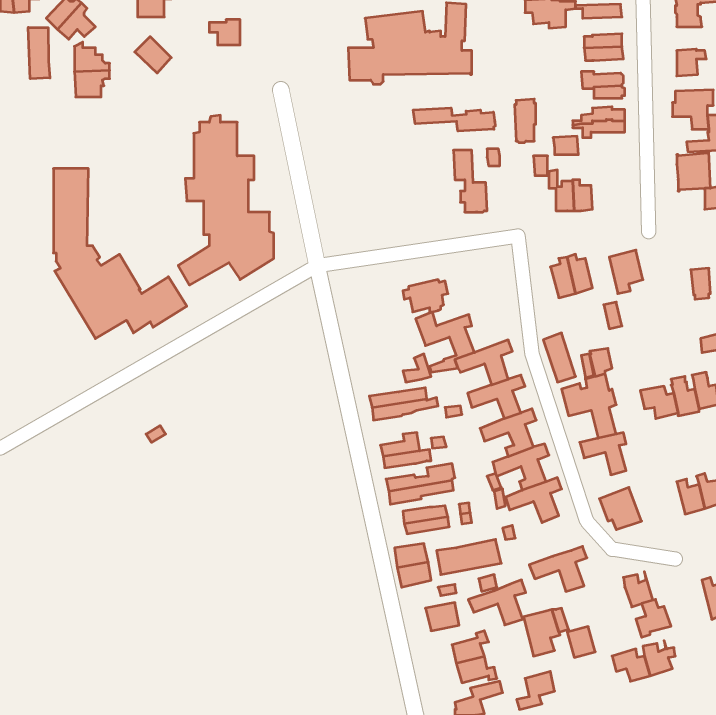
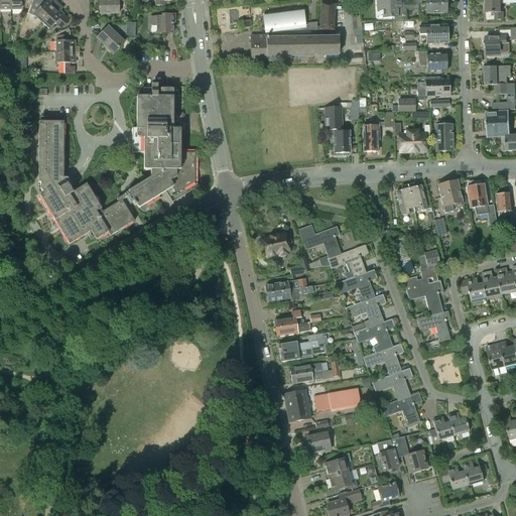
building: [28,27,50,79] -> none
building: [515,99,536,143] -> [364,121,379,152]
building: [413,108,495,131] -> none
building: none -> [435,122,454,150]
building: none -> [467,179,497,224]
building: [403,280,448,312] -> [260,233,292,256]
building: [468,580,526,625] -> [372,367,413,399]
building: [636,599,671,637] -> [429,416,455,443]

